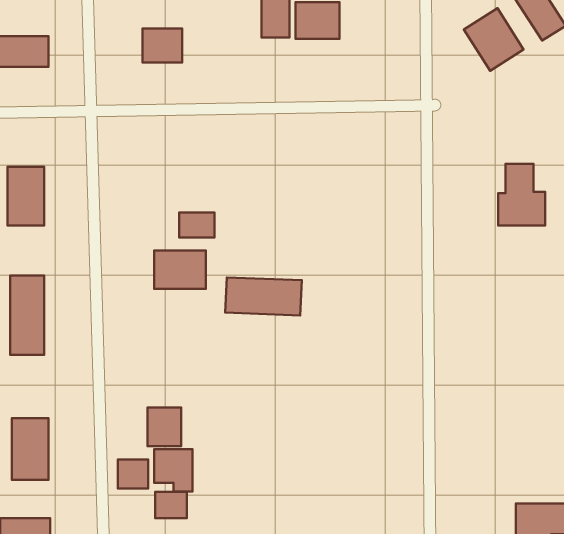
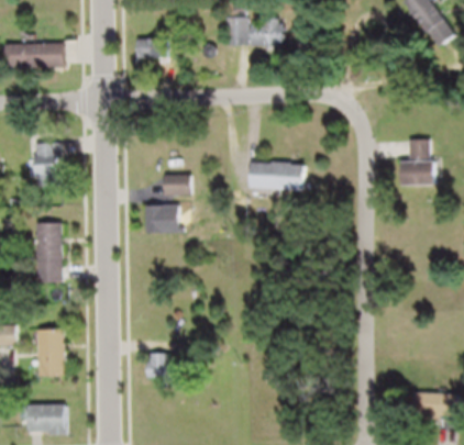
building: [464,8,524,71] -> none
building: [225,277,302,316] -> [248,162,306,190]
building: [148,407,181,446] -> none
building: [118,460,148,488] -> none
building: [155,492,187,518] -> none

